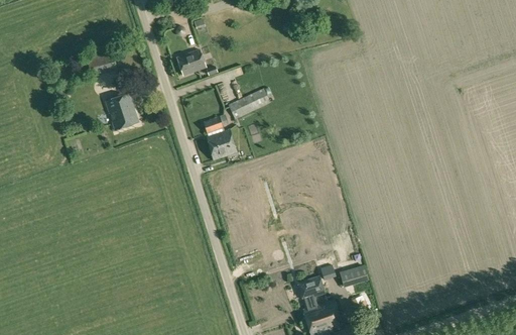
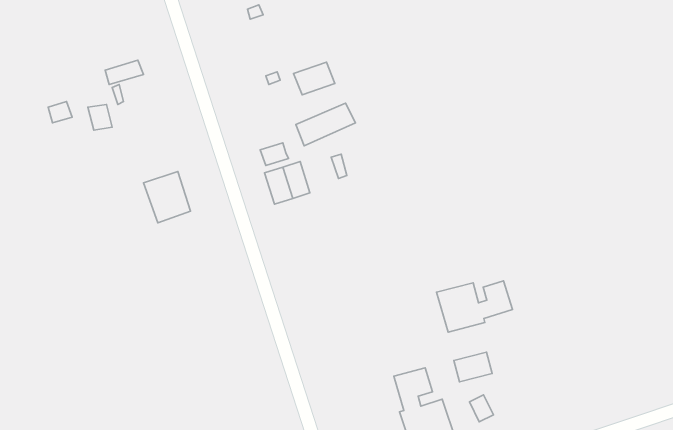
building: [176,49,206,73] -> [294,62,335,95]
building: [105,93,138,129] -> [144,171,191,223]
building: none -> [437,281,512,332]

